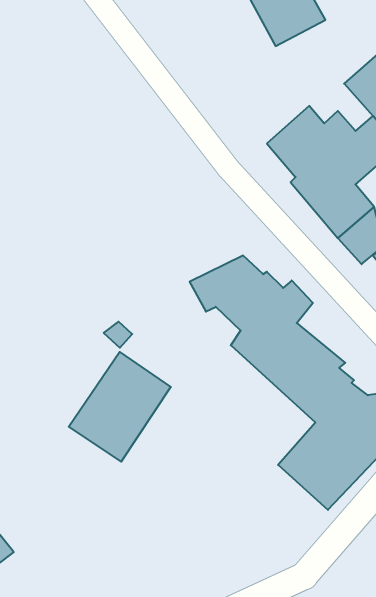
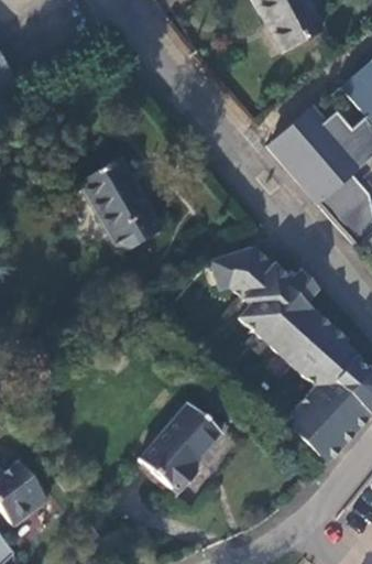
building: none -> [77,155,163,249]
building: [69,352,171,462] -> [136,397,227,494]

